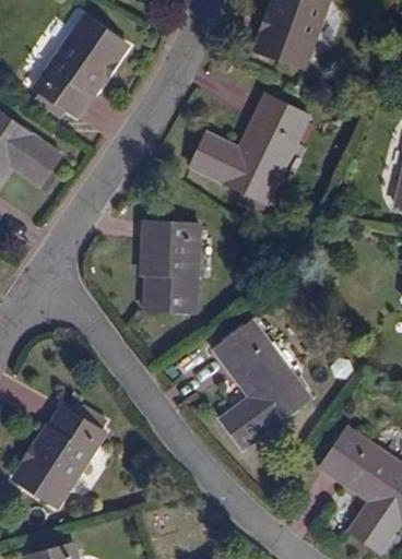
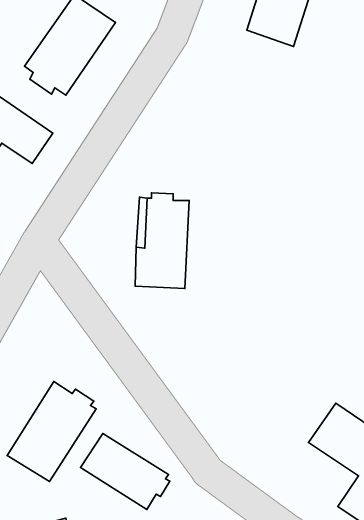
building: [189,95,308,214] -> none
building: [214,320,311,448] -> none
building: none -> [81,434,170,509]

